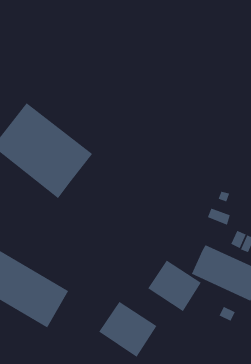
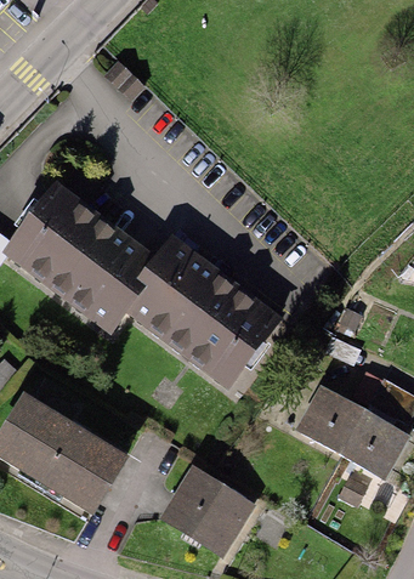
building: none -> [126,237,279,381]
building: [147,259,202,312] -> none

